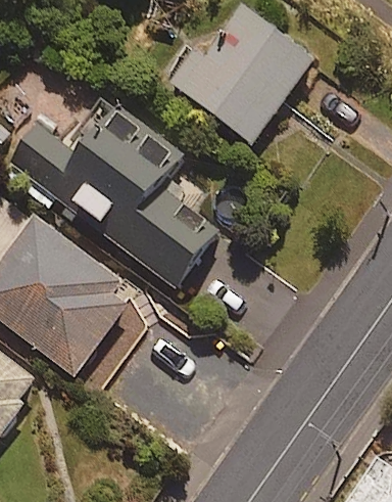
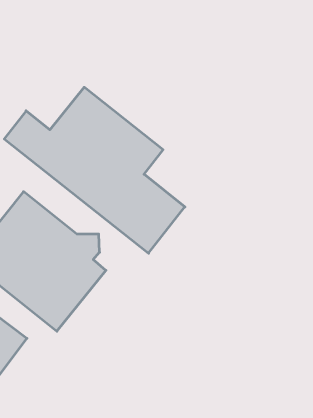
building: [164,7,312,144] -> none

